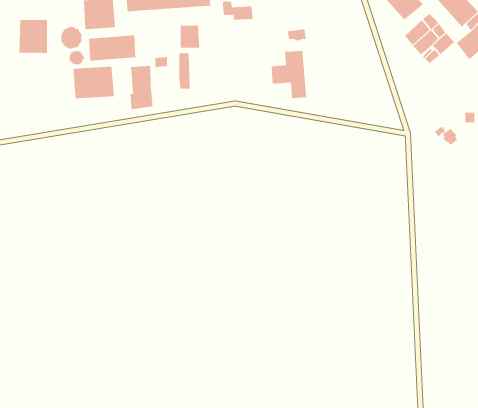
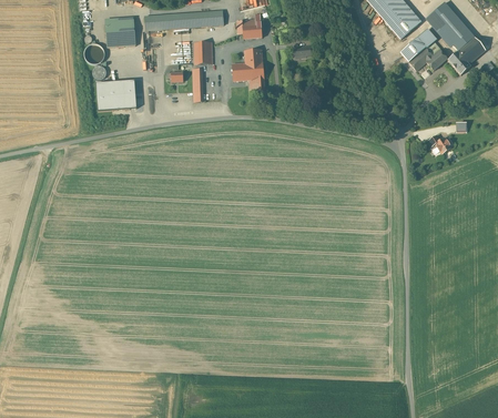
building: [19,19,47,54] -> none
building: [89,35,136,62] -> none
building: [271,50,307,99] -> [232,49,265,93]
building: [130,65,153,110] -> none

